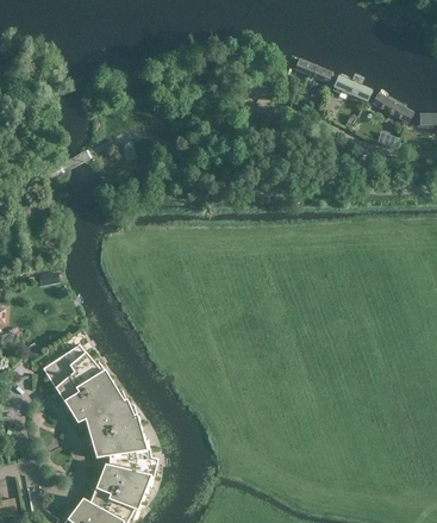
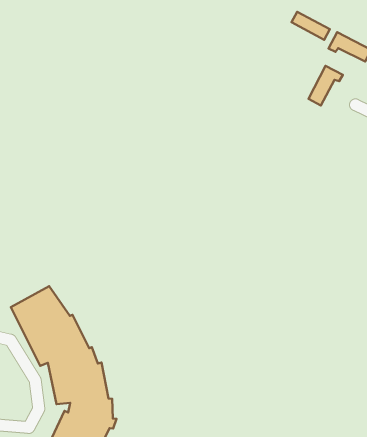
building: none -> [309,66,343,105]

